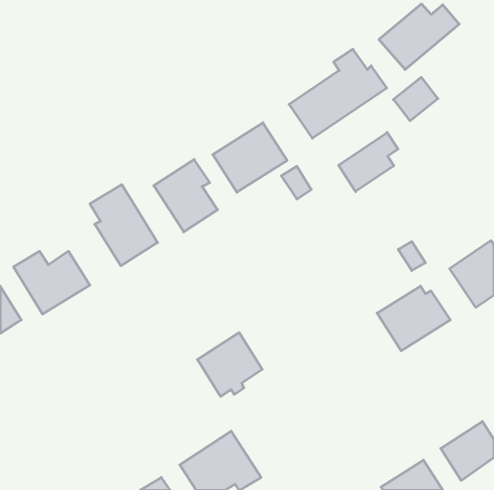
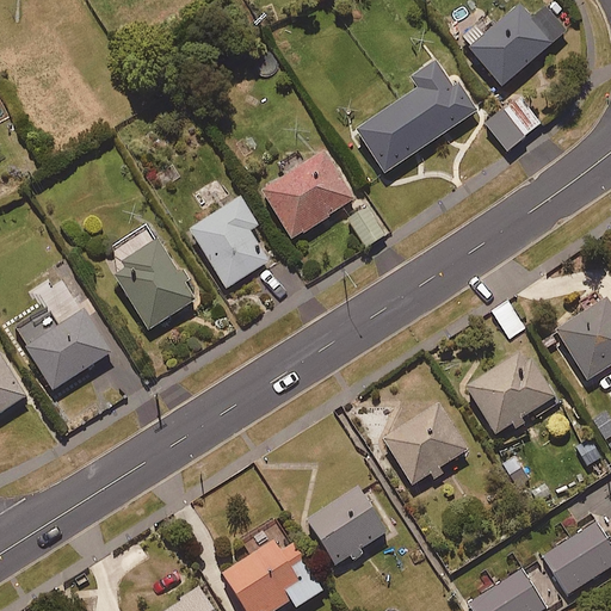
building: [339,132,398,192] -> none
building: none -> [383,405,468,485]
building: [197,333,262,396] -> [307,487,387,566]

